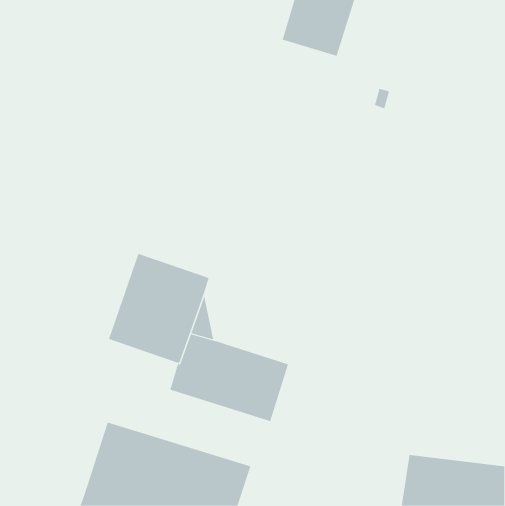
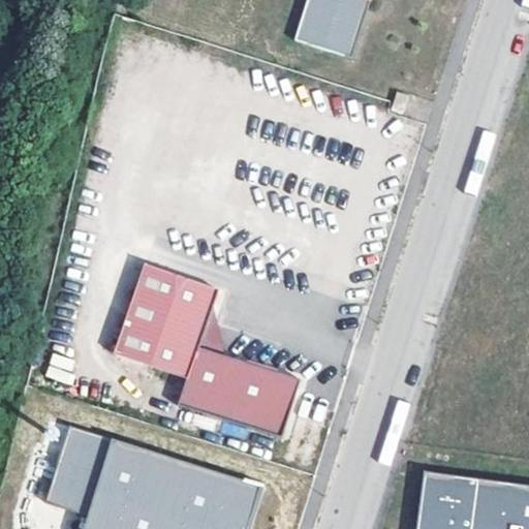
building: none -> [44,426,112,516]

